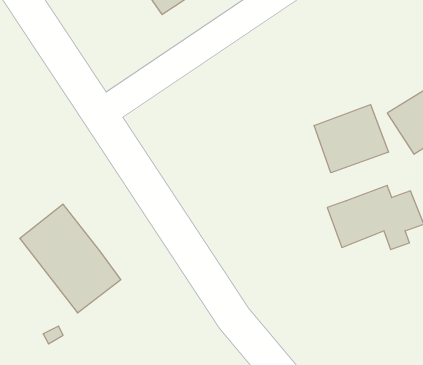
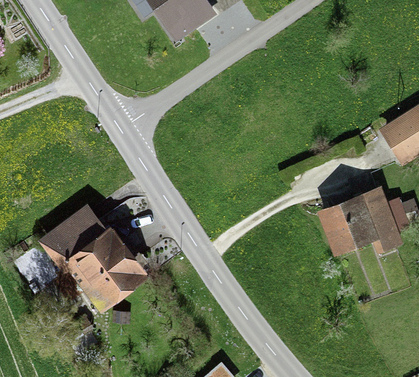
building: [314,105,388,173] -> none

